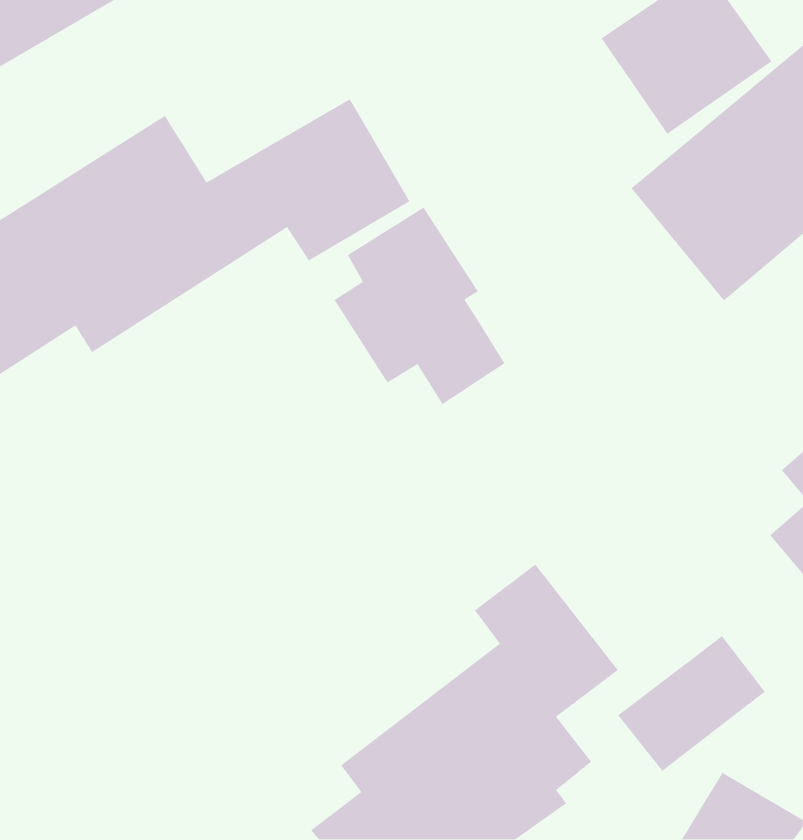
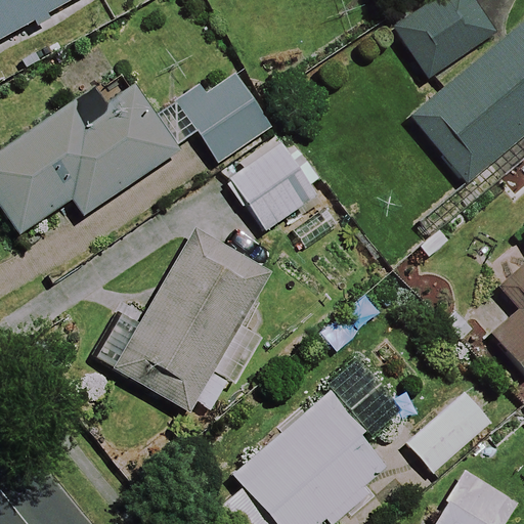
building: none -> [89,230,271,416]

